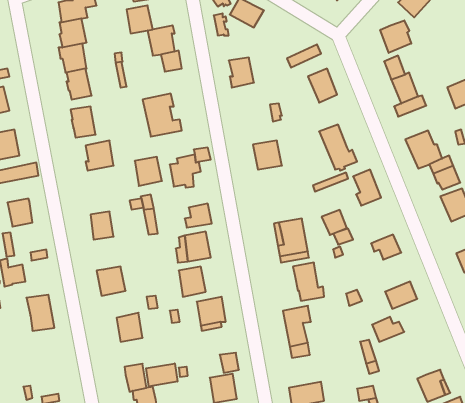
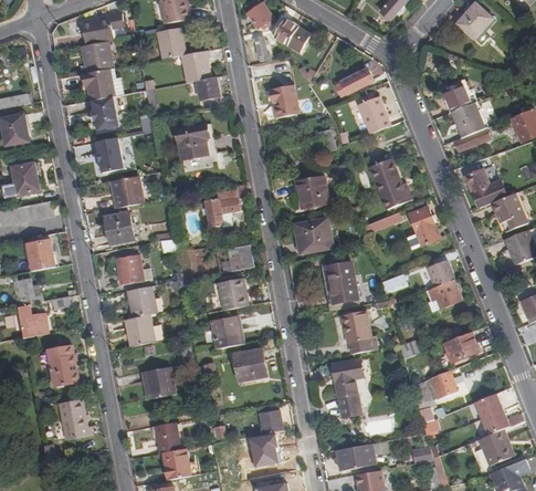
building: [380,20,411,53] -> none
building: [135,157,162,186] -> [105,212,135,244]
building: none -> [294,219,333,253]
building: [322,210,347,235] -> [425,259,453,286]
building: none -> [126,286,156,318]
building: none -> [474,393,524,435]
building: none -> [59,398,92,439]
building: [146,363,177,386] -> none

